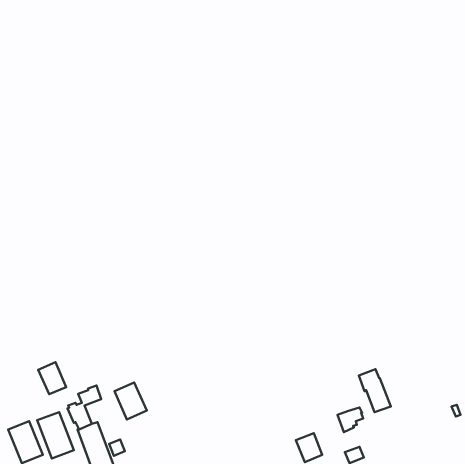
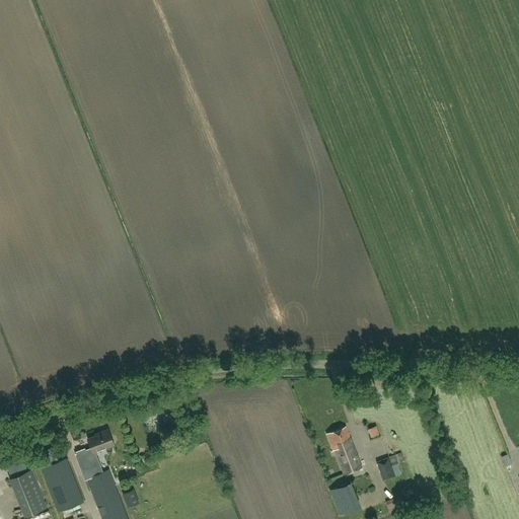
building: [38,362,66,394] -> none
building: [359,369,391,412] -> [326,428,362,475]
building: [115,382,147,419] -> none

